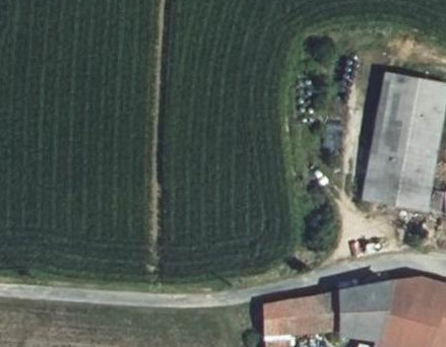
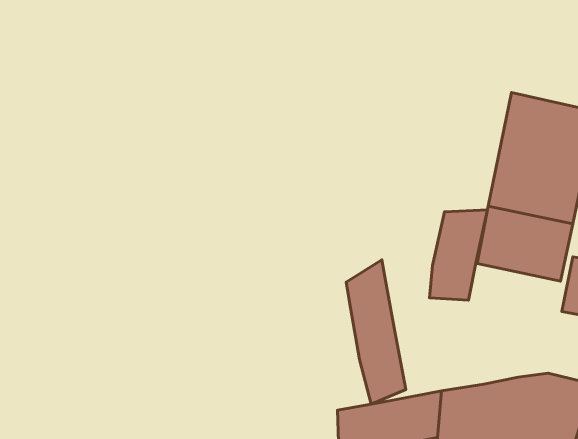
building: none -> [429,210,487,300]
building: none -> [346,260,406,404]

